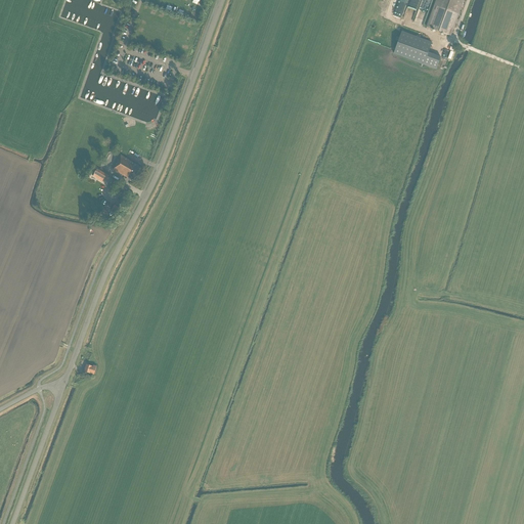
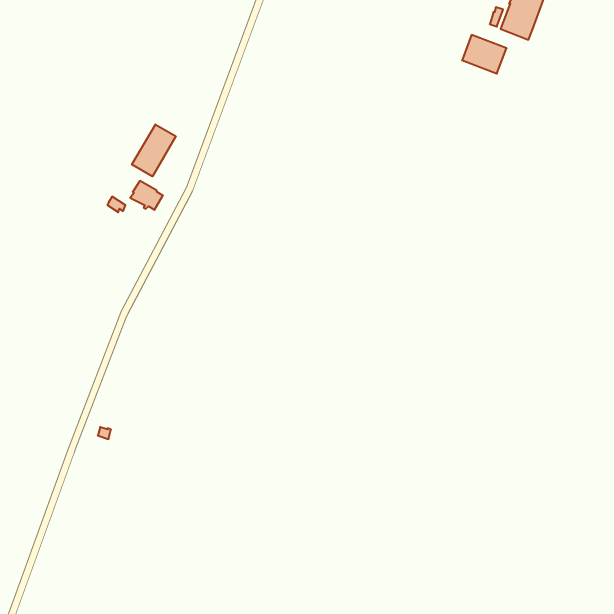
building: none -> [132,124,176,176]

